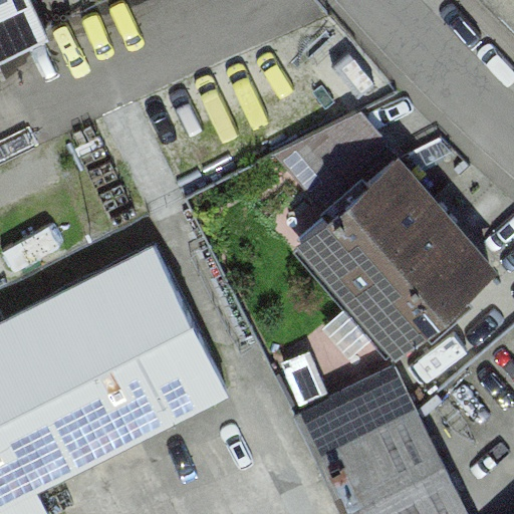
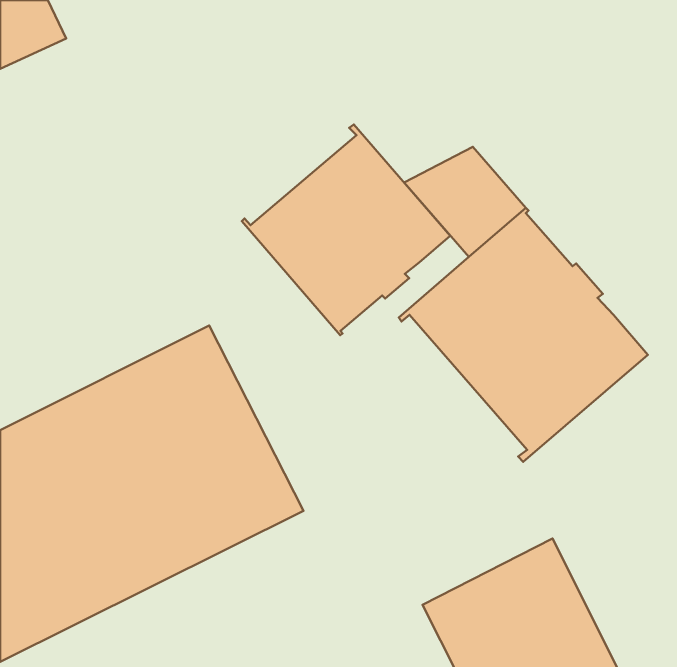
building: none -> [242,125,450,335]
building: [297,371,419,466] -> none

